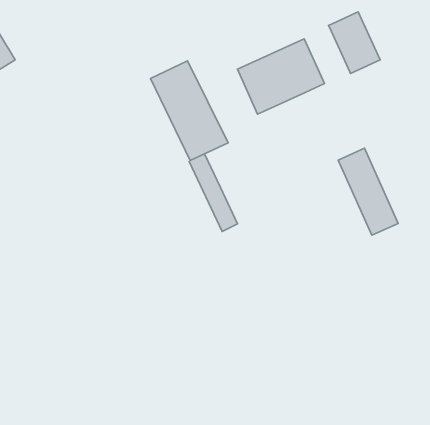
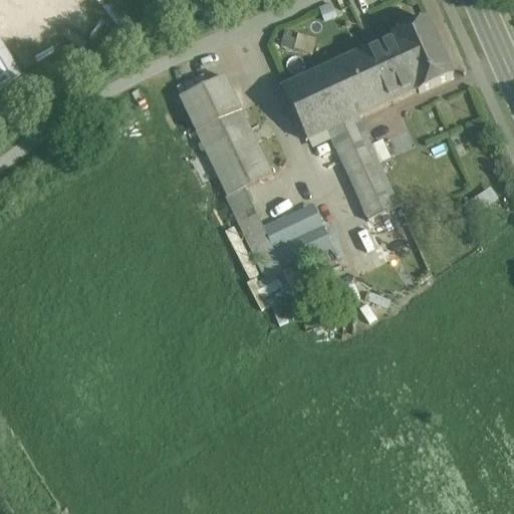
building: none -> [361,32,416,99]
building: [338,148,398,235] -> [326,112,398,216]
building: none -> [262,199,332,266]

